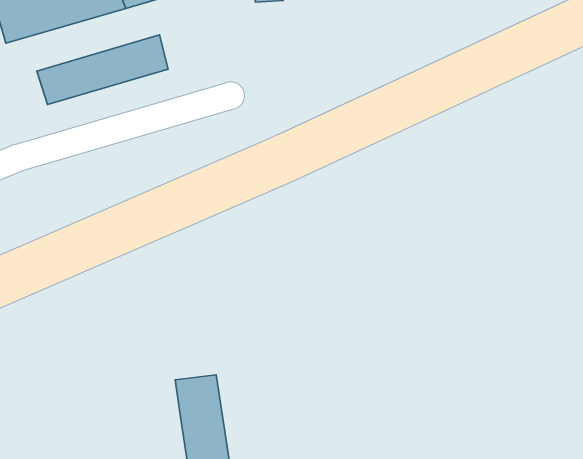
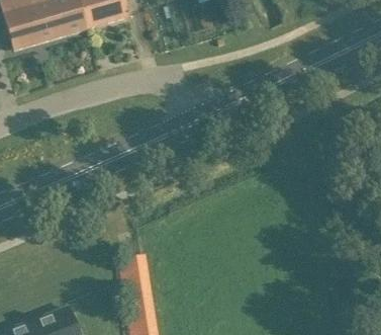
building: [37,35,168,104] -> none

